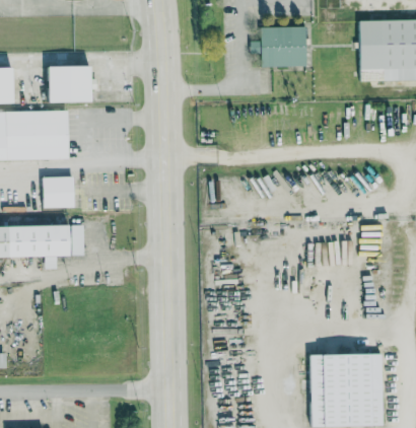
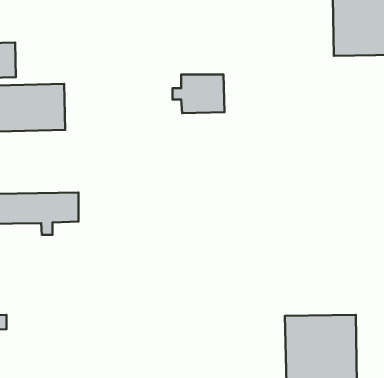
building: [246,25,300,66] -> [172,75,224,113]
building: [46,65,96,102] -> none
building: [44,176,76,207] -> none

